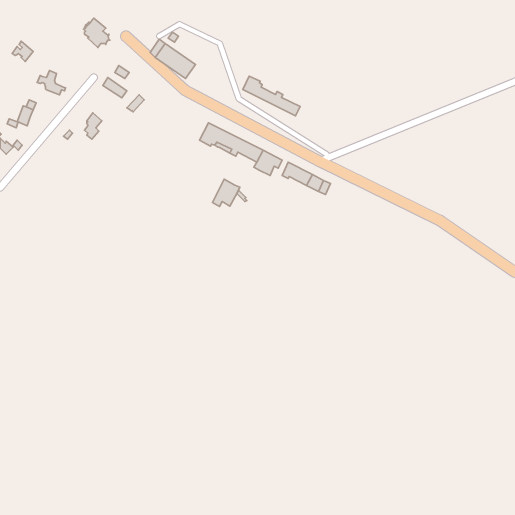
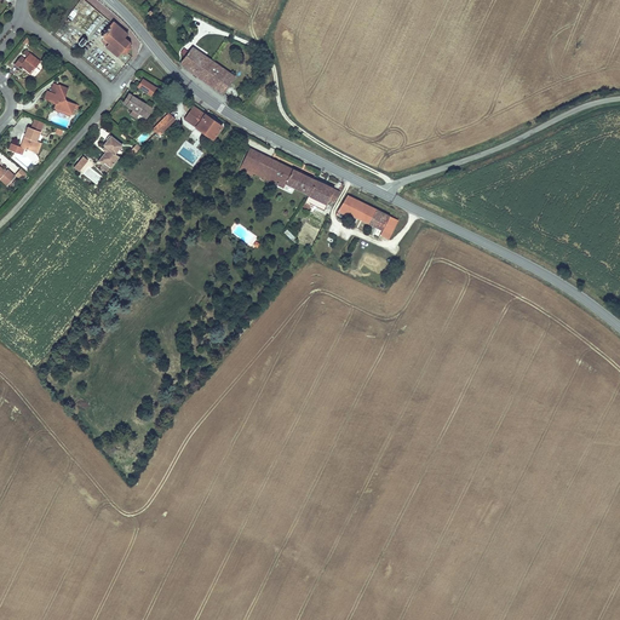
building: [243,76,300,116] -> none
building: none -> [184,105,222,139]
building: [212,179,240,206] -> none

